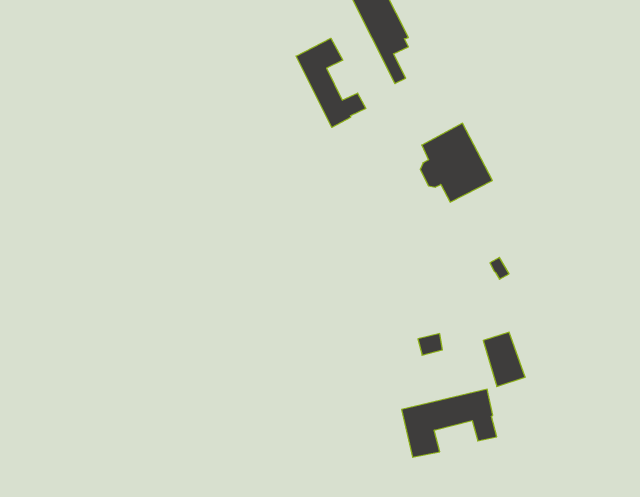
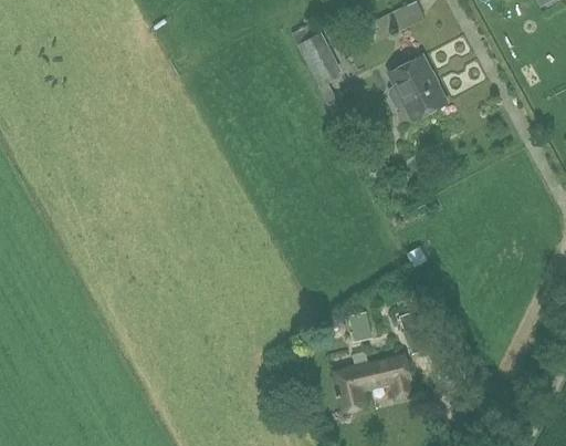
building: [296,38,366,127] -> none
building: [420,123,492,202] -> [388,56,447,121]

